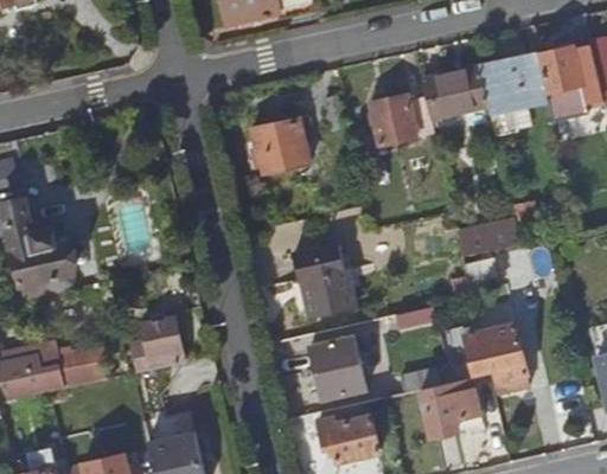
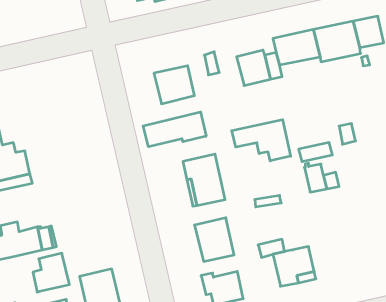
building: none -> [143,112,206,147]
building: none -> [232,120,291,161]
building: [133,316,185,372] -> [33,253,69,292]
building: [465,324,530,393] -> none

